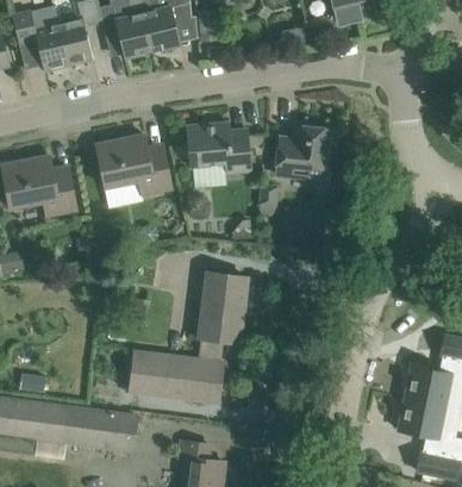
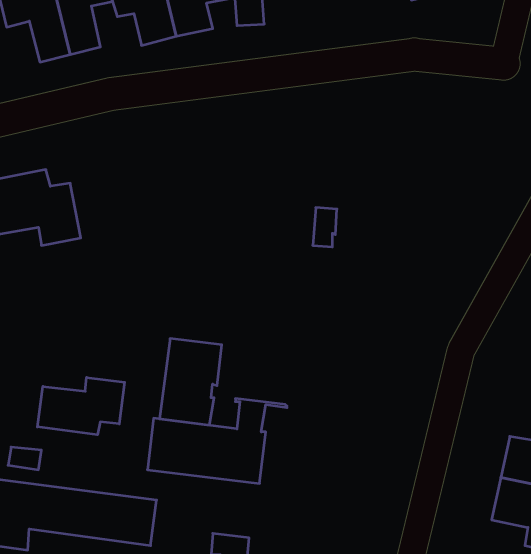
building: [186,123,250,173] -> none
building: [275,126,330,188] -> none
building: [95,135,171,208] -> none
building: [198,273,246,341] -> [160,339,222,425]
building: none -> [37,377,125,435]

